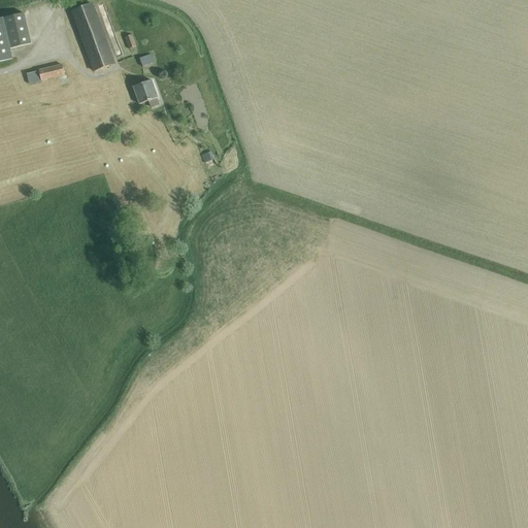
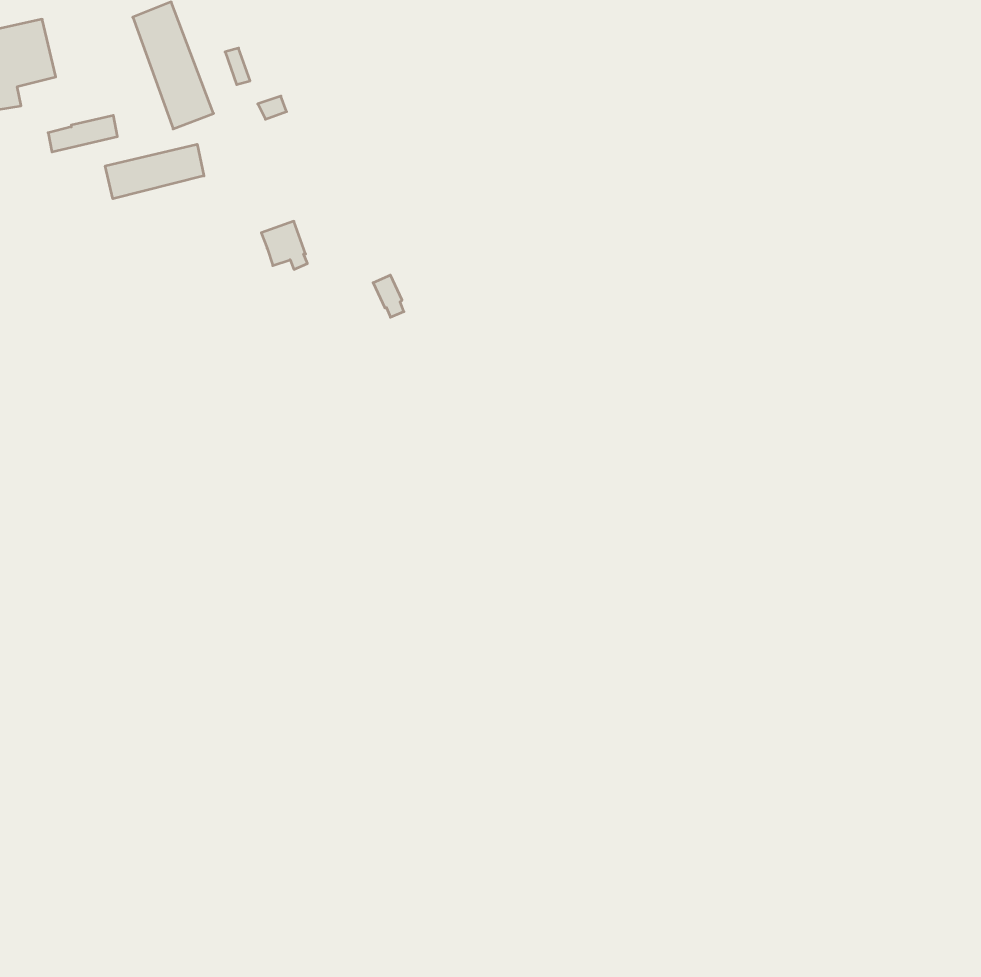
building: none -> [105,144,204,199]
building: [134,81,159,107] -> [261,221,307,269]

